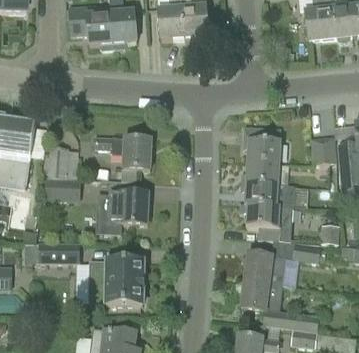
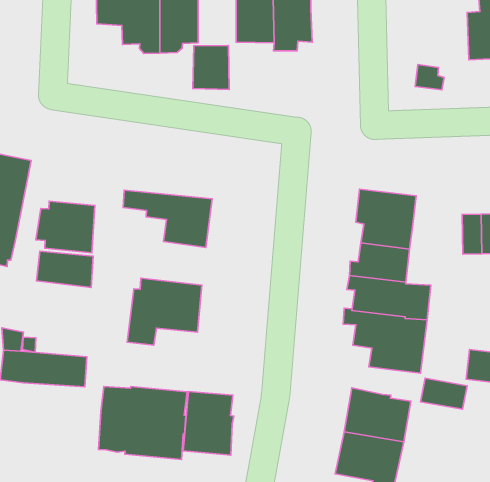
building: none -> [193,45,229,90]
building: none -> [183,392,234,455]

